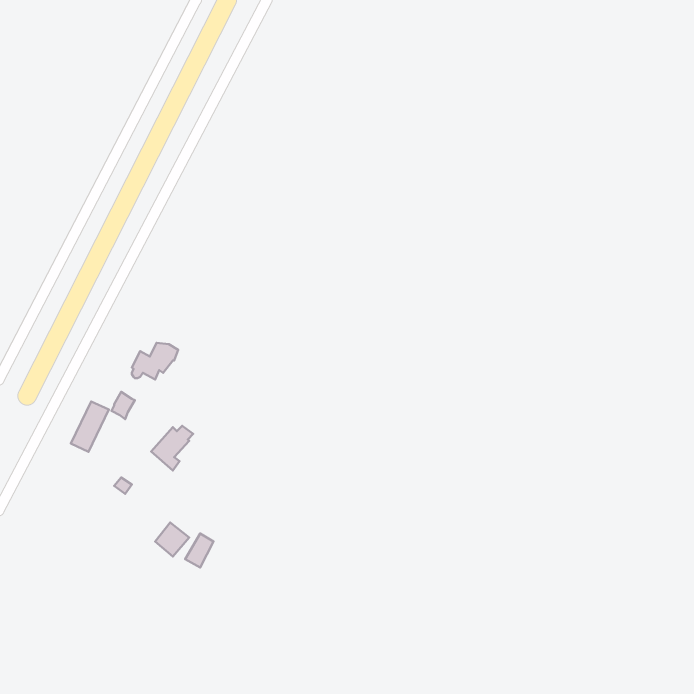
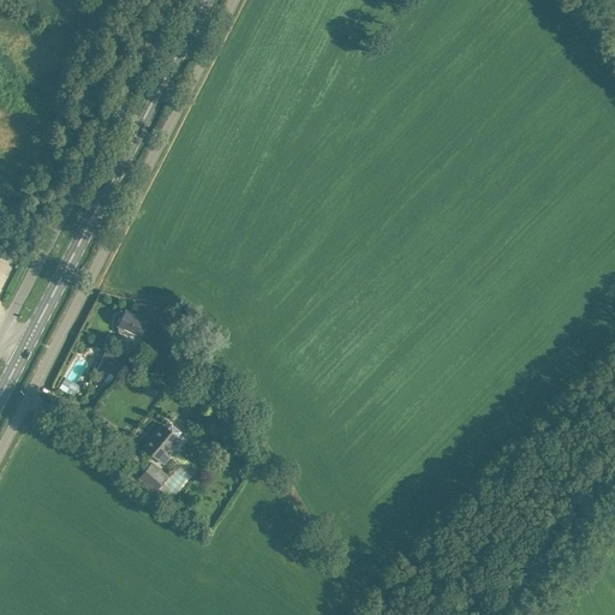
building: [151,426,193,471] -> [143,425,180,465]

